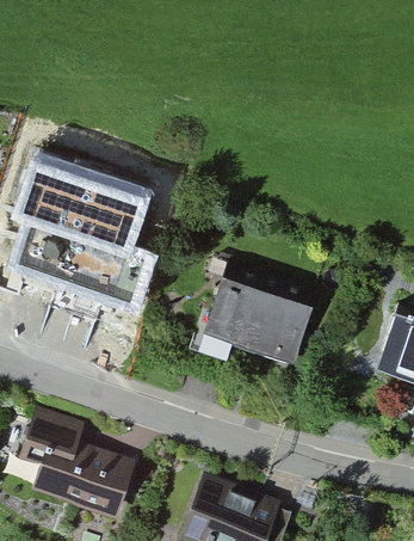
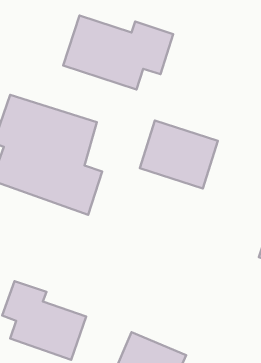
building: none -> [63,16,173,89]
building: [198,270,303,362] -> [140,120,218,188]

